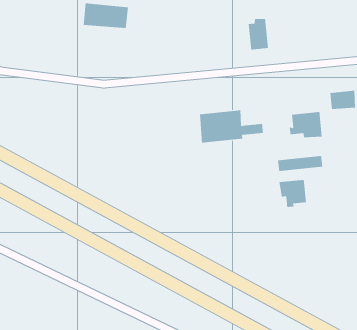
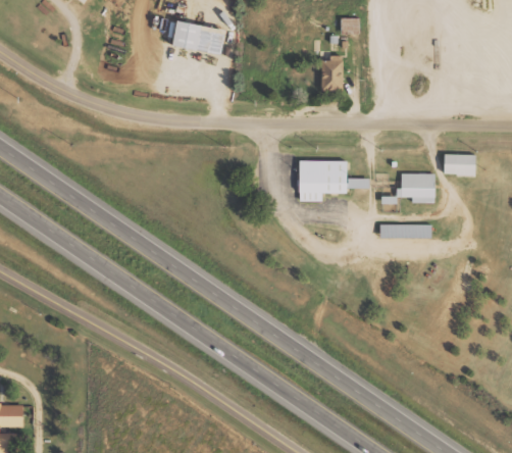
building: [248,18,269,50] -> [323,55,345,91]
building: [279,179,306,208] -> none

